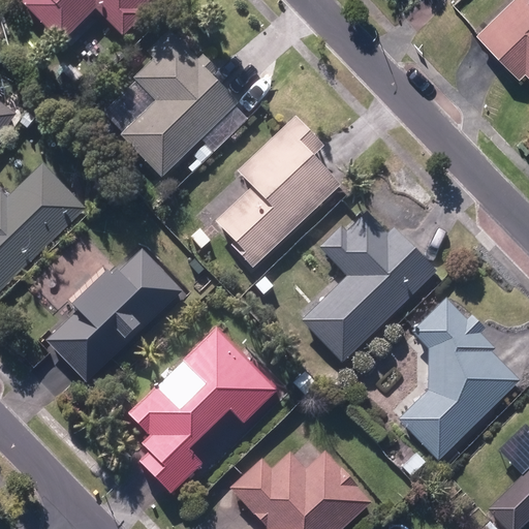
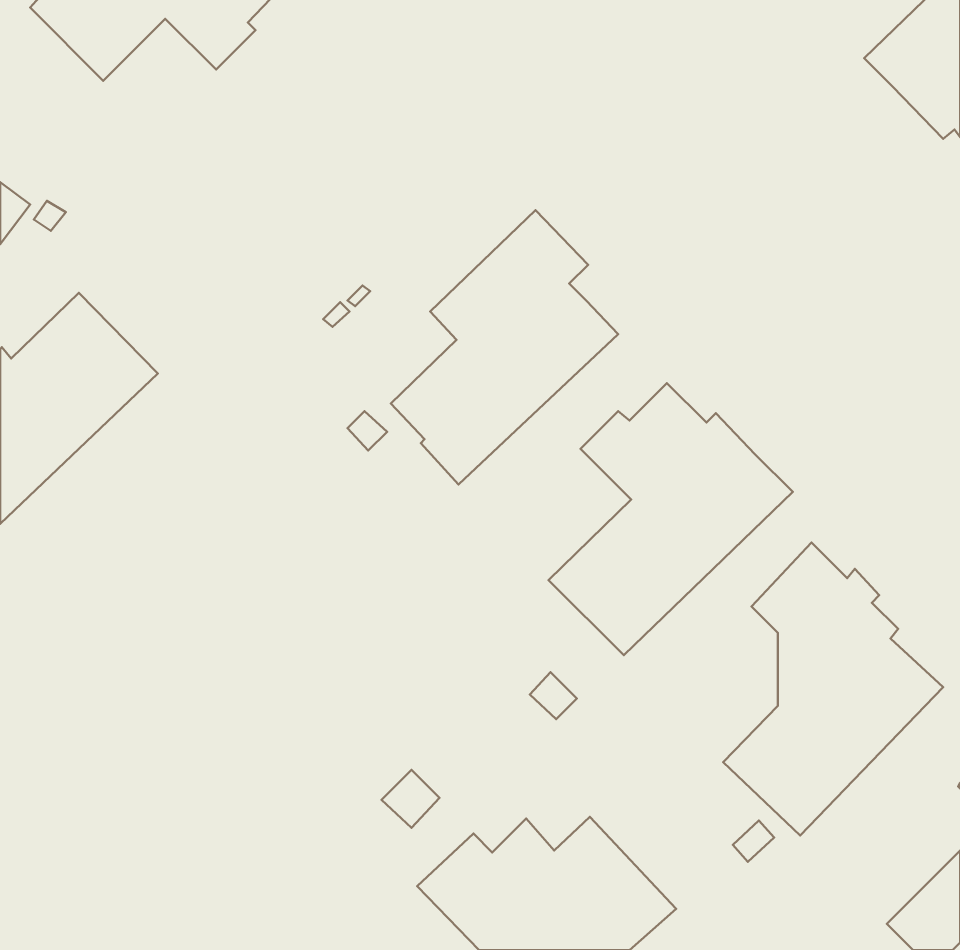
building: [121,29,238,177] -> none
building: [48,246,183,380] -> none
building: [129,328,277,496] -> none

